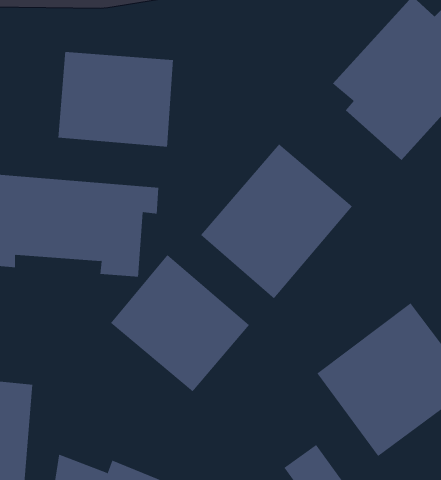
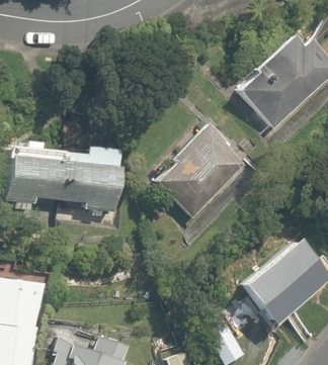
building: [58,51,174,147] -> none
building: [110,254,250,392] -> none

